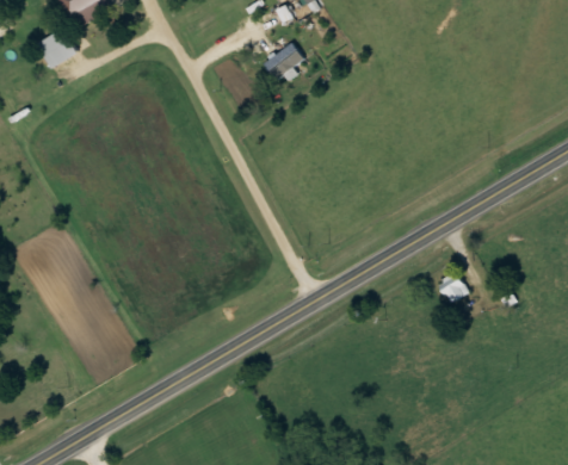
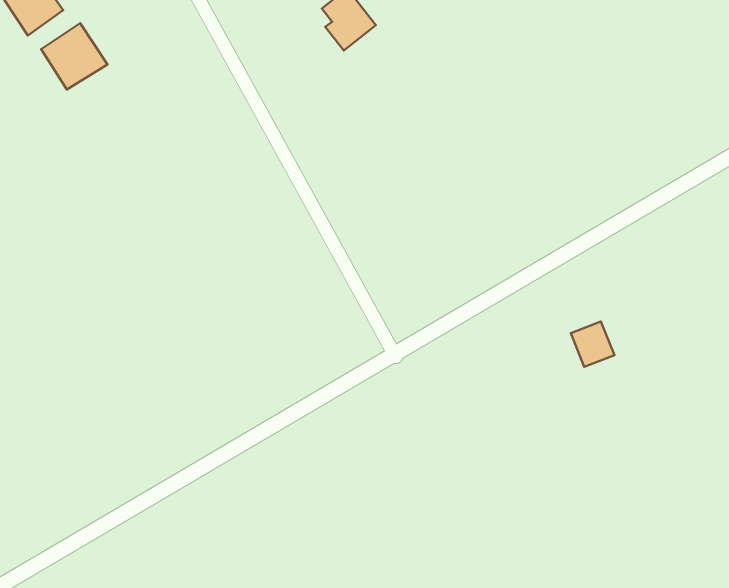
building: none -> [41,23,108,90]

